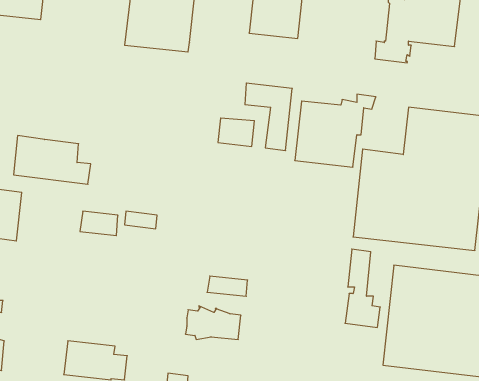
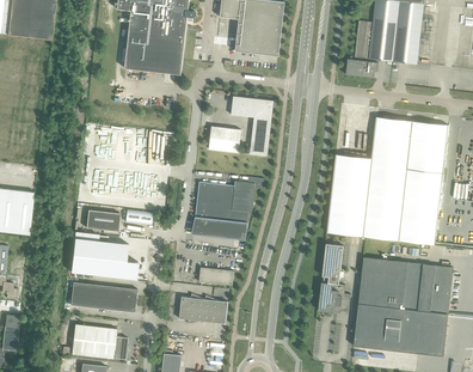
building: [295,94,376,167] -> [194,176,265,240]
building: [14,136,91,184] -> [70,237,139,280]
building: none -> [70,282,137,312]

